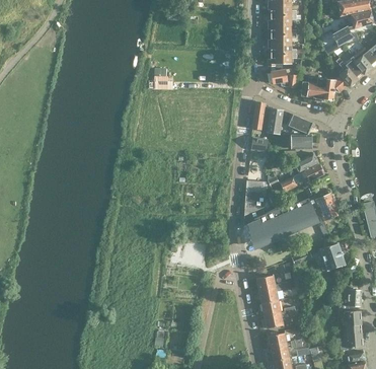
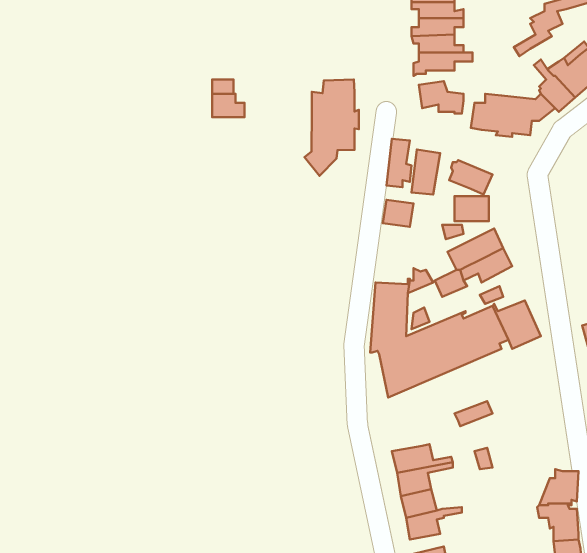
building: none -> [305,79,359,176]
building: [320,244,345,272] -> none

